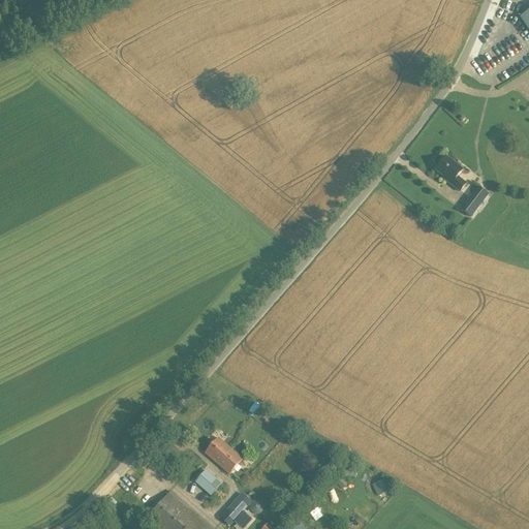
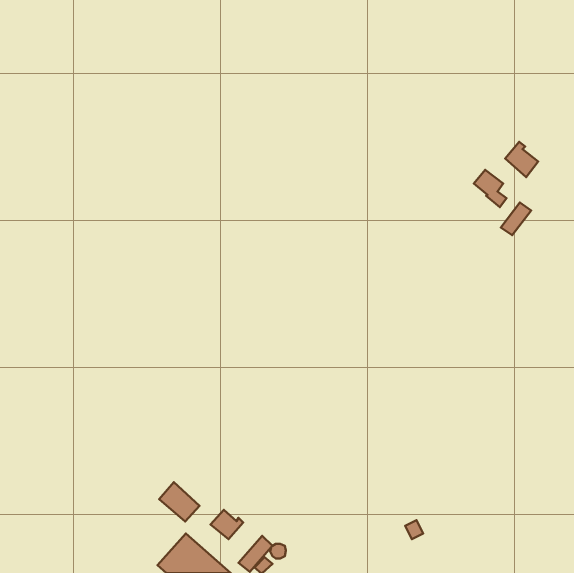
building: none -> [505,142,538,177]
building: [205,437,242,473] -> [159,482,200,522]

